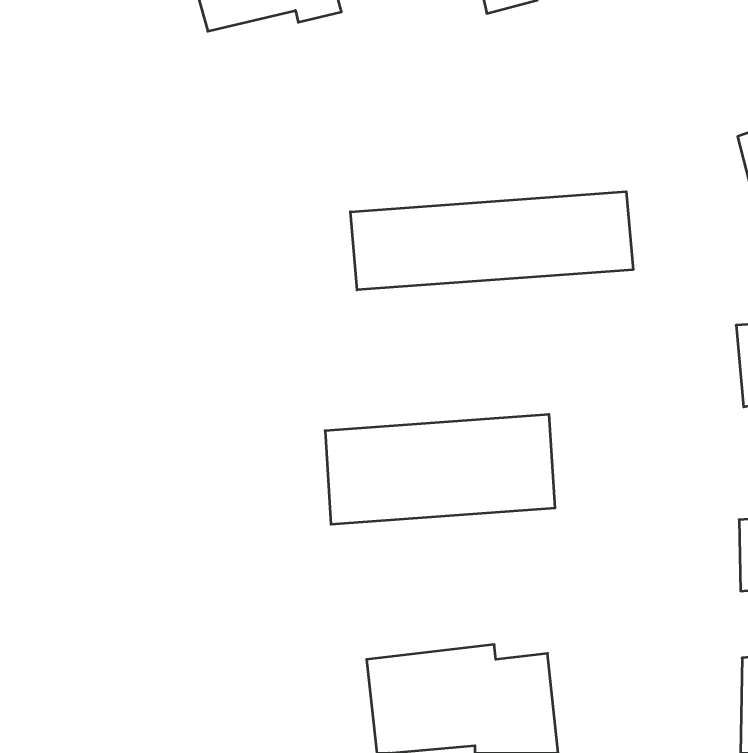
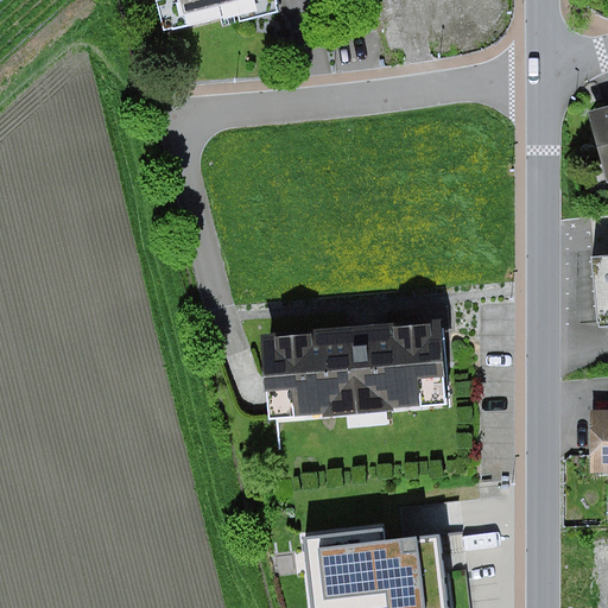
building: [350,192,633,290] -> none

